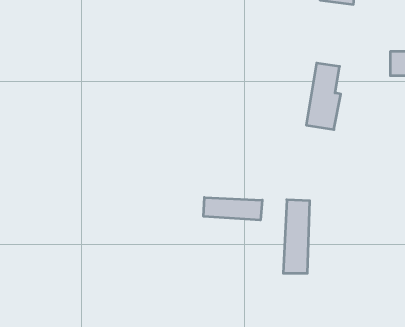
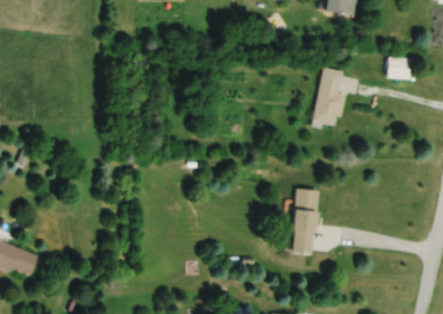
building: [204,197,262,220] -> none

